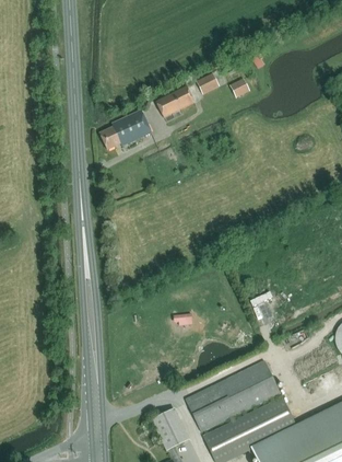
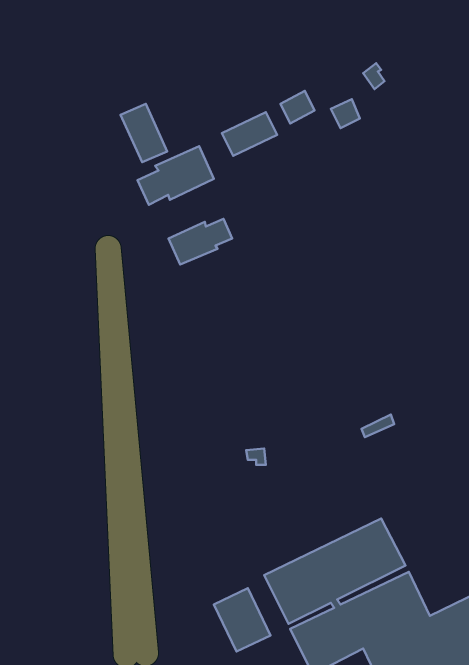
building: none -> [121,104,167,162]
building: none -> [168,219,232,265]

